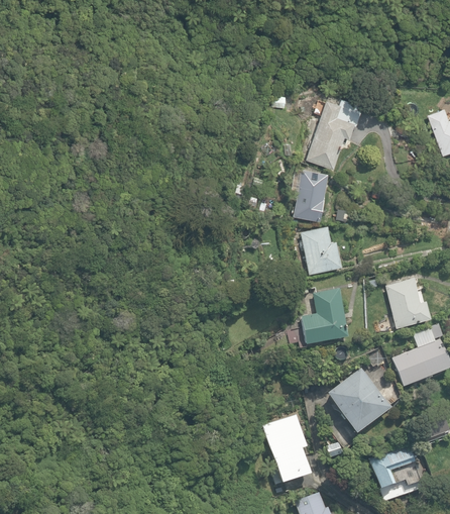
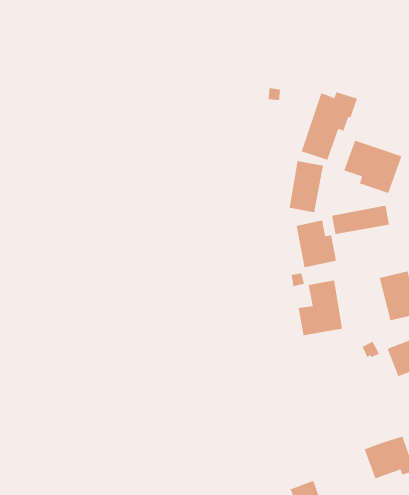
building: none -> [343,140,402,194]
building: none -> [331,205,389,235]
building: [327,368,390,433] -> none
building: [262,413,311,483] -> none

